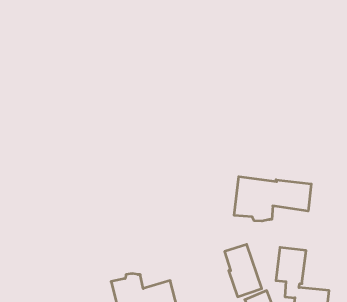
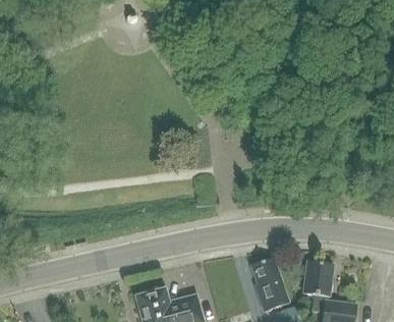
building: [234,177,311,221] -> none

